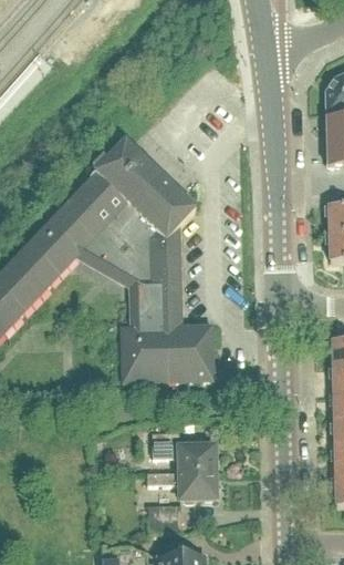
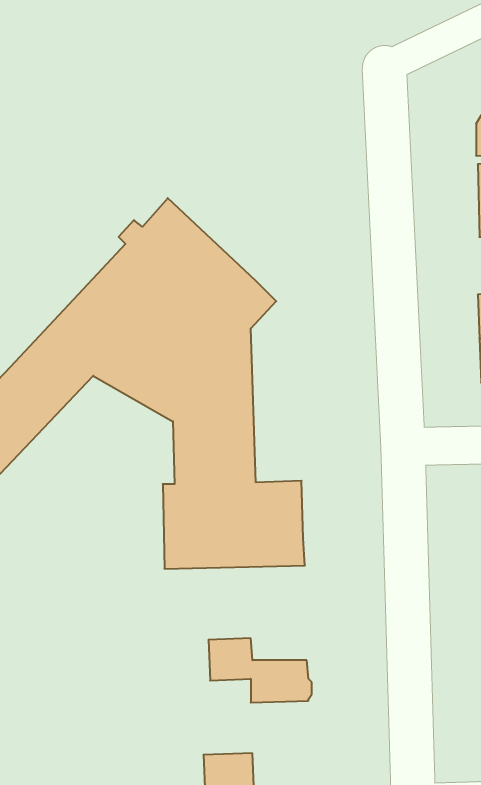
building: [147,469,217,497] -> none

